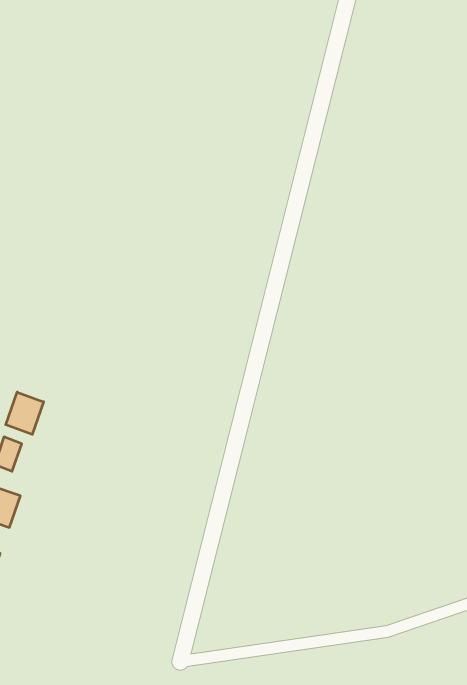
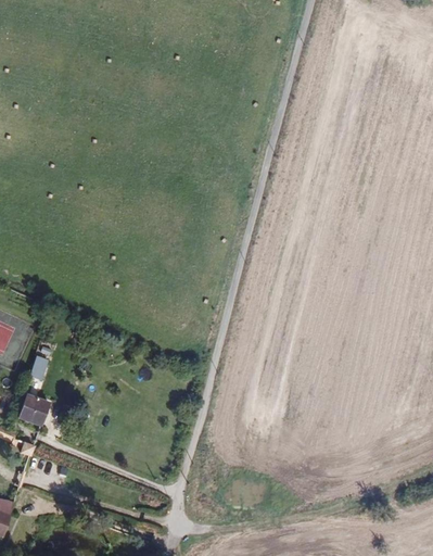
building: [6,392,44,434] -> none

